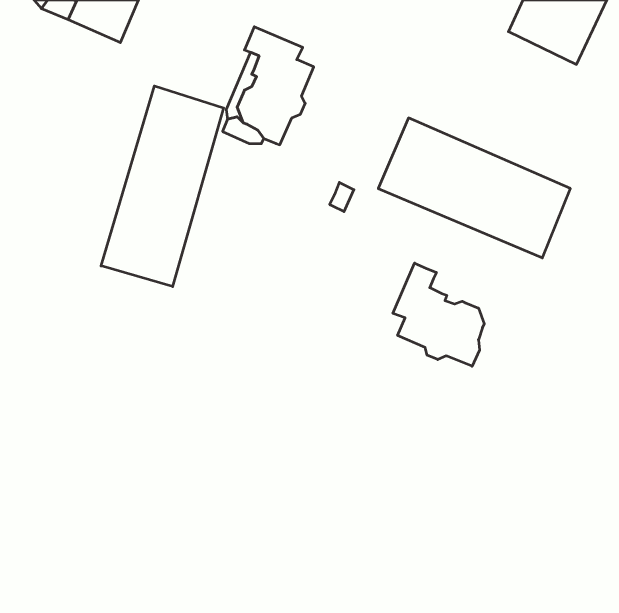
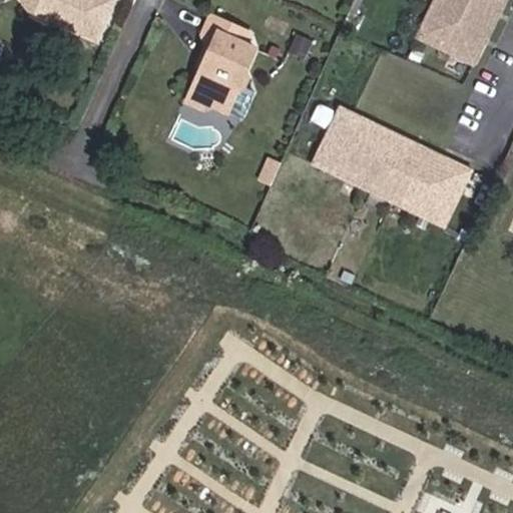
building: [101,86,224,287] -> none
building: [393,263,484,366] -> none

